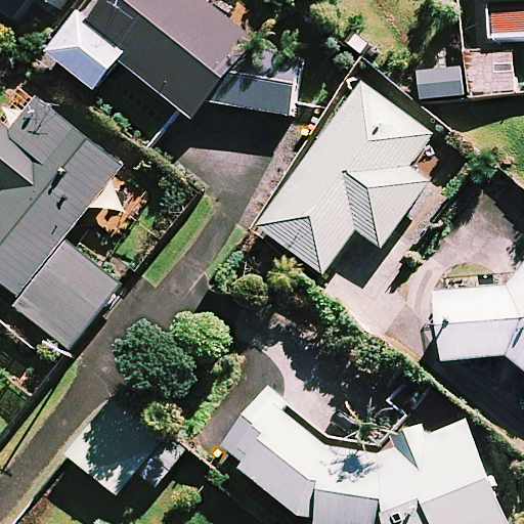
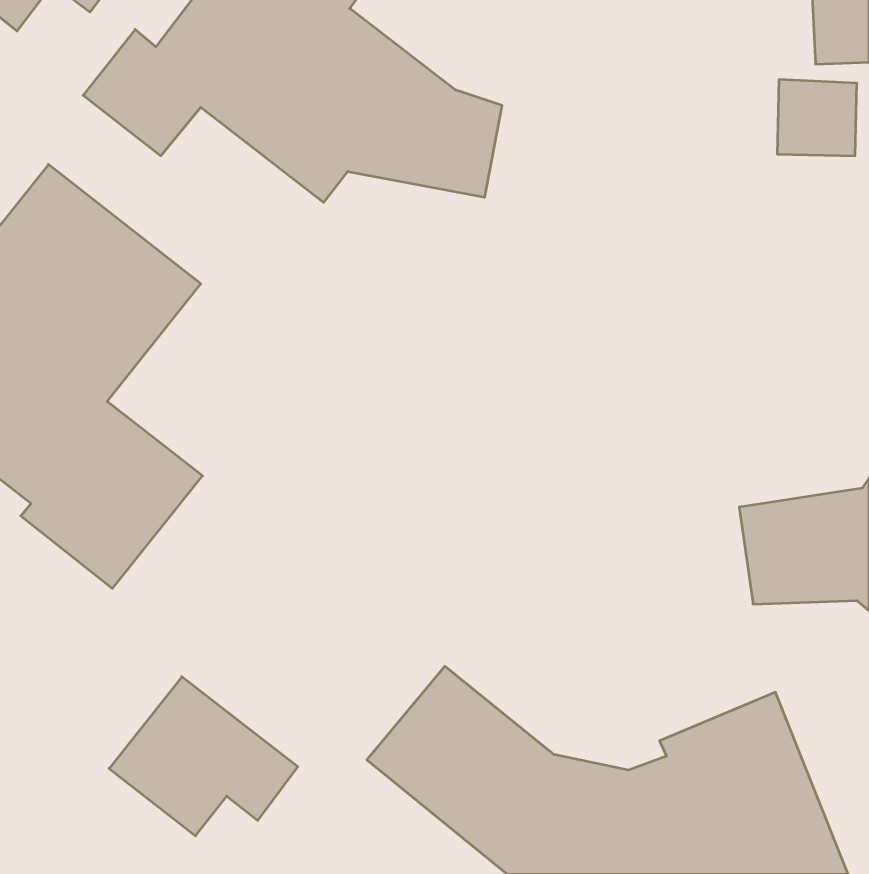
building: [258,79,434,273] -> none

